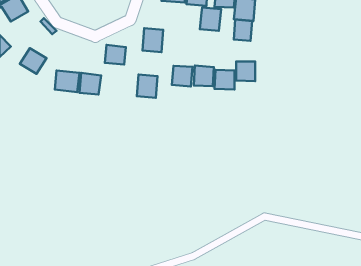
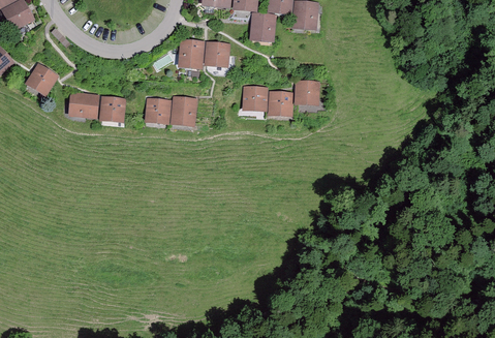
building: [234,20,252,41] -> none
building: [105,45,126,65] -> [145,98,171,123]
building: [172,66,193,87] -> [204,42,229,68]

